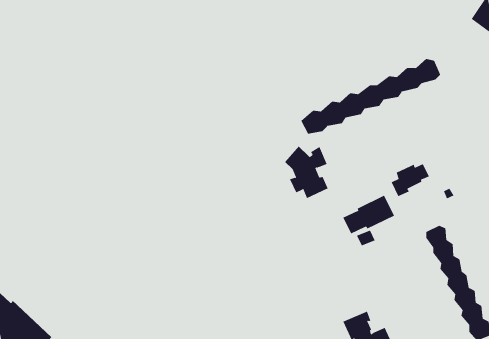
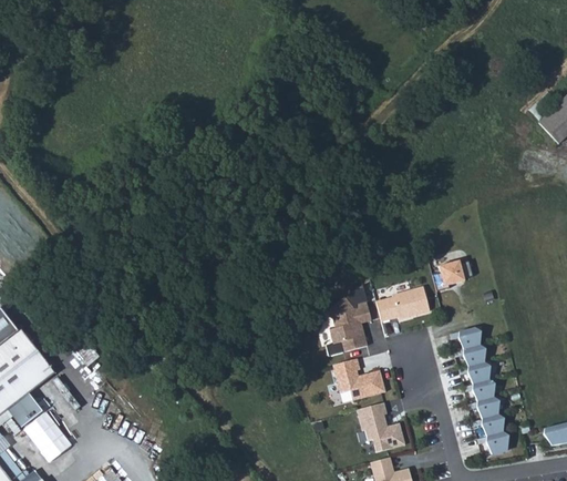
building: [301,58,441,135] -> none
building: [284,145,328,199] -> [326,294,370,350]
building: none -> [332,359,385,400]

